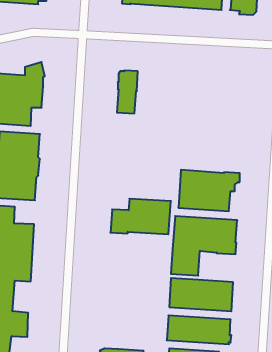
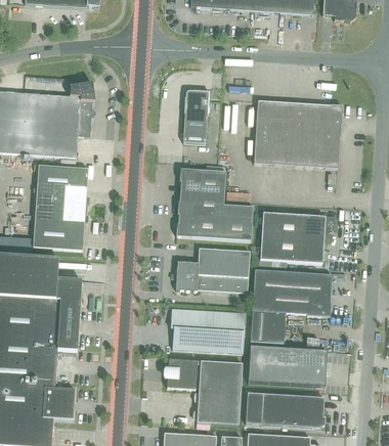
building: none -> [253,100,343,168]
building: none -> [177,168,253,239]
building: none -> [170,307,245,353]
building: none -> [167,358,242,425]

